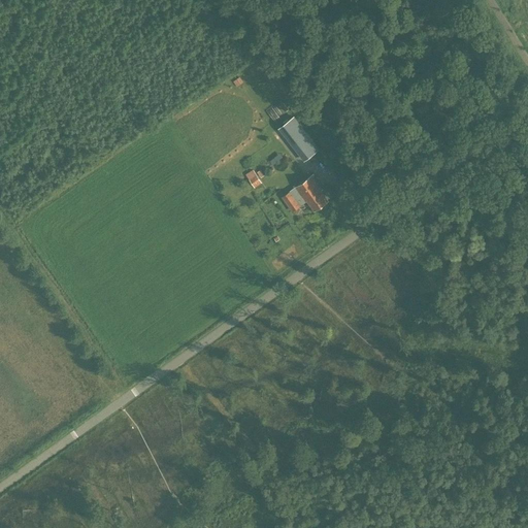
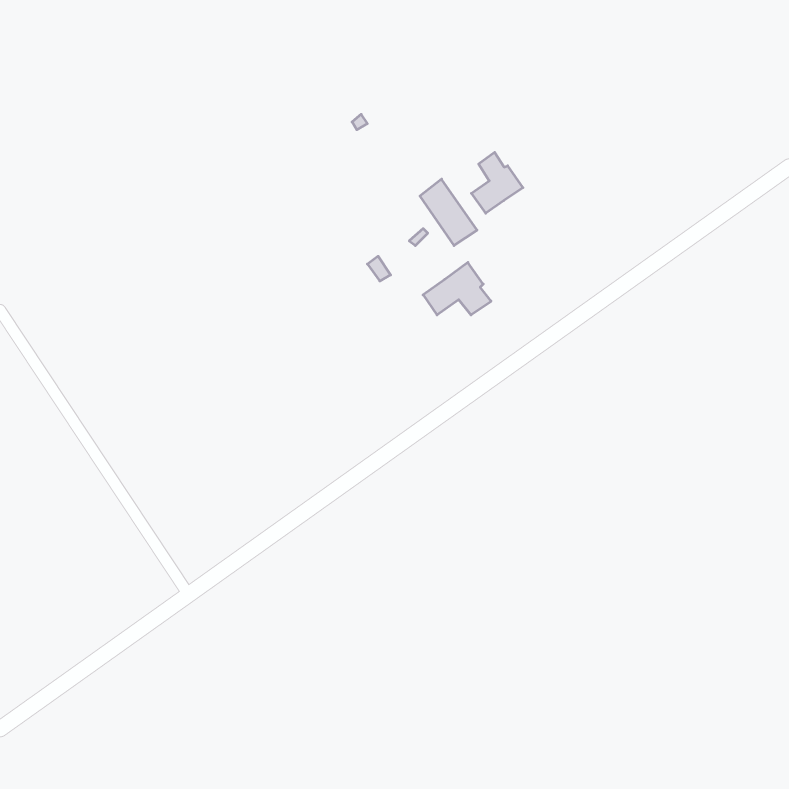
building: none -> [471,152,523,213]

